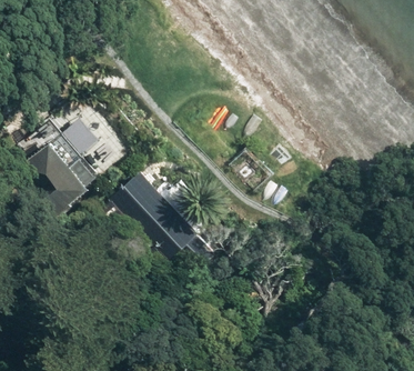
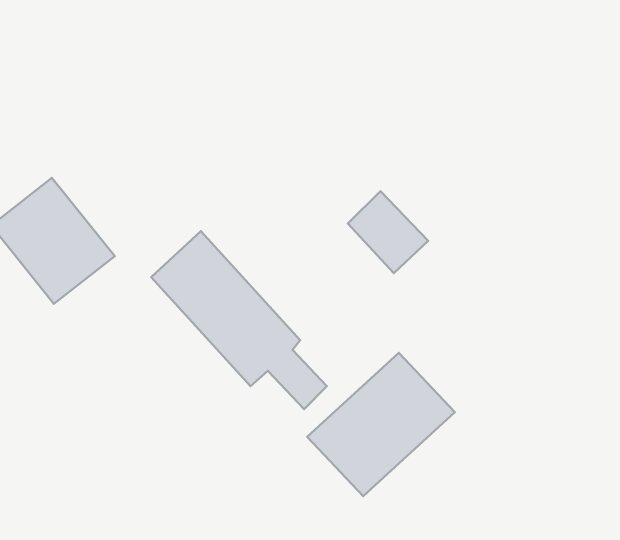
building: none -> [307,353,455,496]

